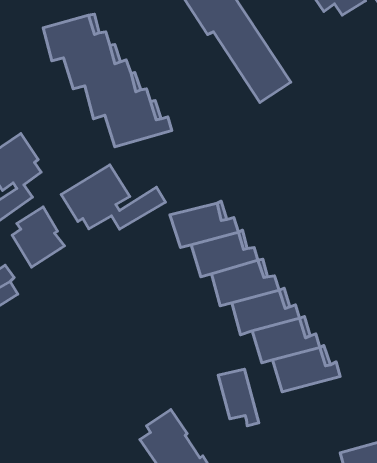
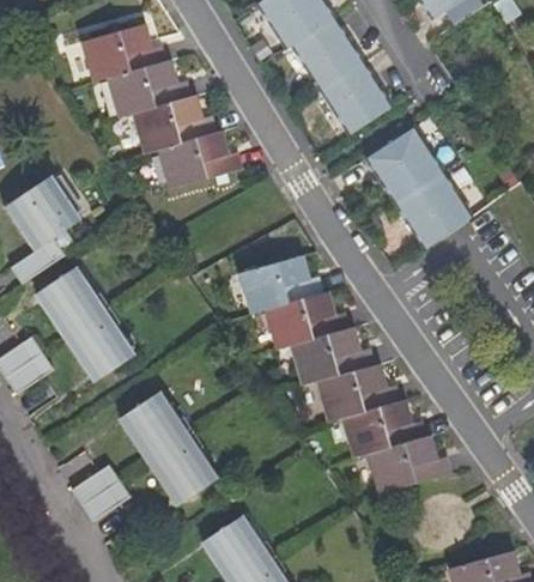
building: none -> [366,129,471,248]
building: [61,165,166,229] -> none
building: none -> [62,314,134,376]
building: none -> [120,389,218,501]
building: [218,369,259,426] -> none
building: none -> [71,466,128,522]

